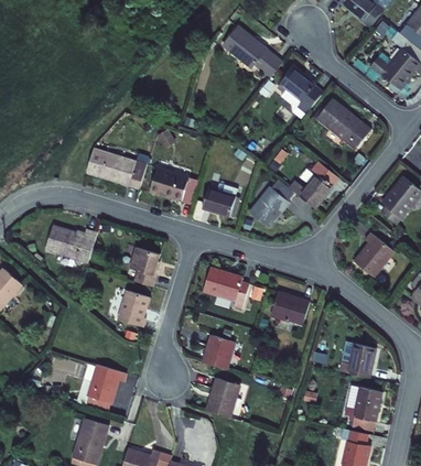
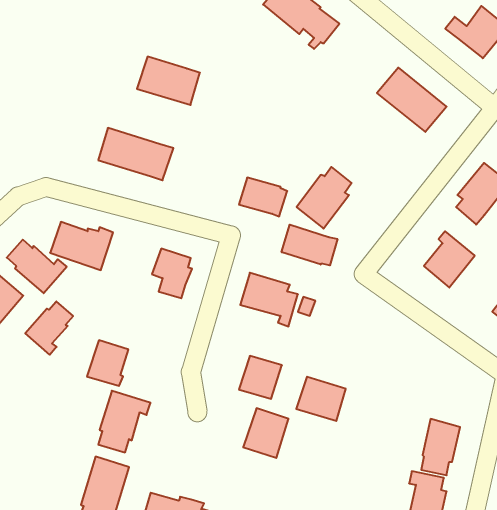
building: [279,64,323,113] -> none
building: [288,161,339,208] -> none
building: [148,166,199,206] -> [137,57,200,105]
building: none -> [282,225,337,265]
building: none -> [7,240,67,293]
building: [117,289,151,326] -> [87,340,128,386]
building: none -> [25,301,73,355]
building: [269,290,310,326] -> [296,377,346,421]
building: [338,340,376,377] -> none

